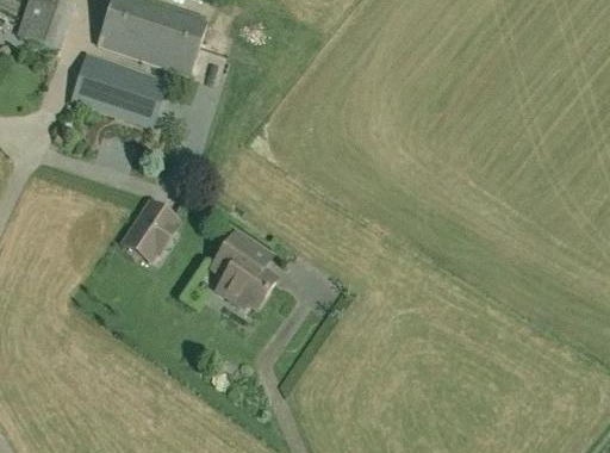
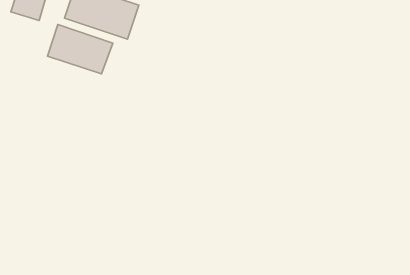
building: [119,199,179,262] -> none
building: [212,231,275,306] -> none

